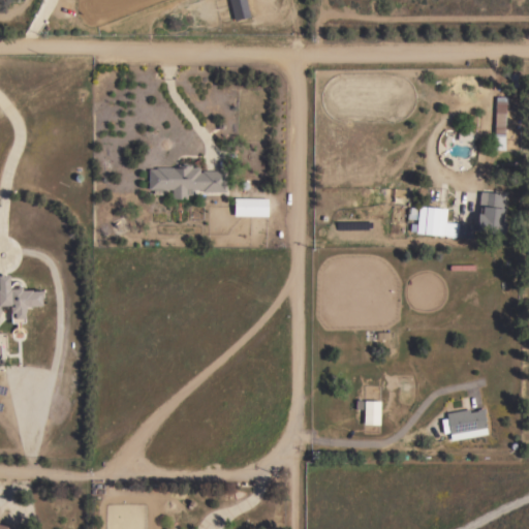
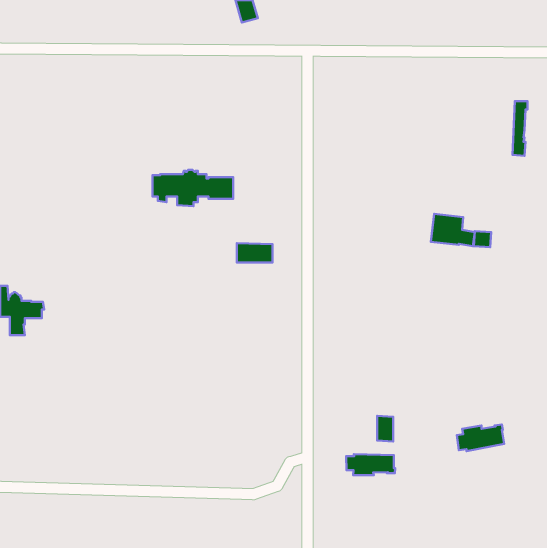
building: [477,192,506,235] -> none
building: [235,198,269,217] -> [237,243,272,262]
building: none -> [346,454,395,475]

